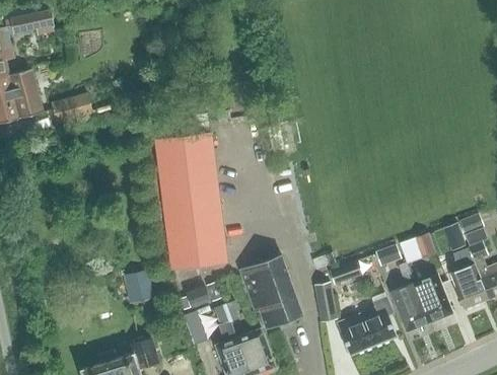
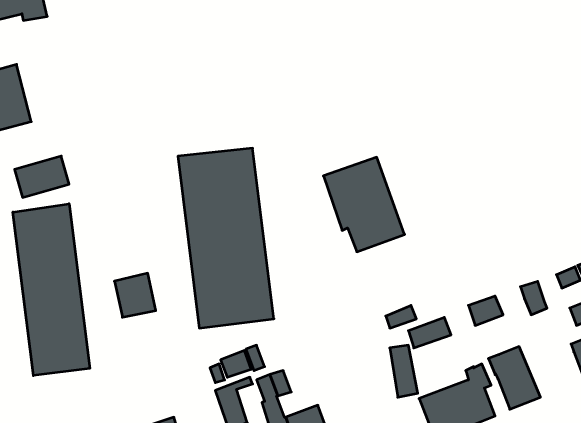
building: [51,92,92,124] -> [15,156,69,197]
building: none -> [13,204,90,376]
building: [240,255,302,327] -> [323,157,405,252]
building: [123,270,154,303] -> [114,273,156,317]
building: [414,276,452,321] -> none

